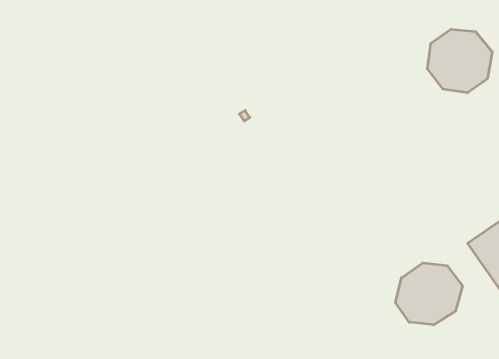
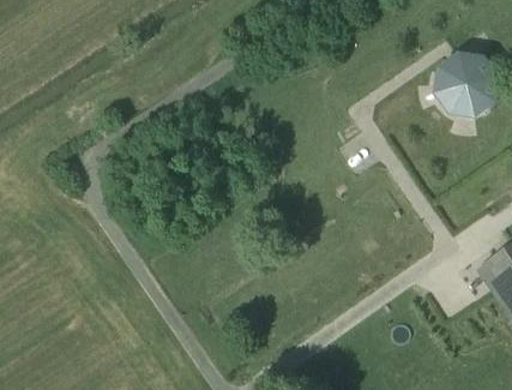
building: [396,263,462,325] -> none

